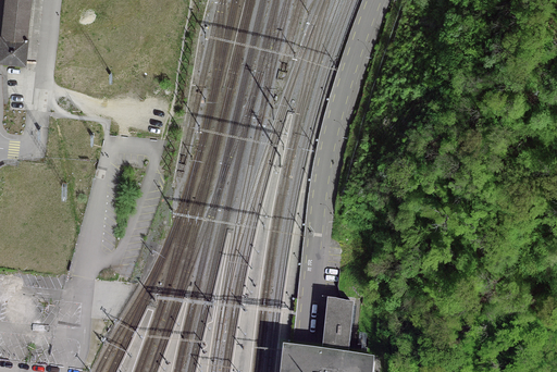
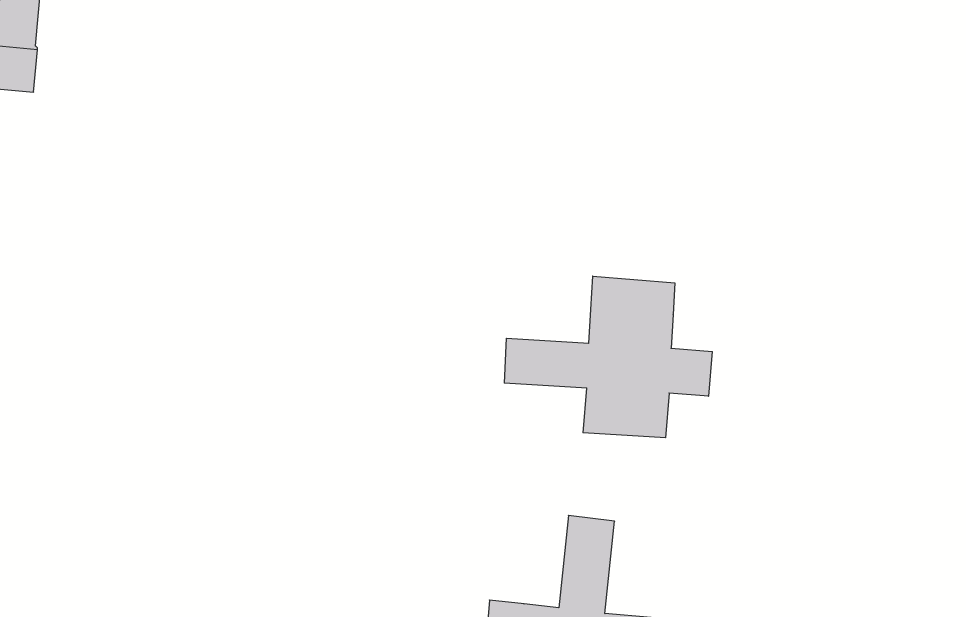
building: none -> [504,276,712,438]

